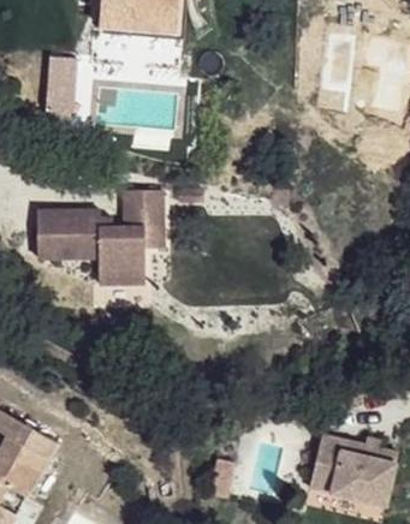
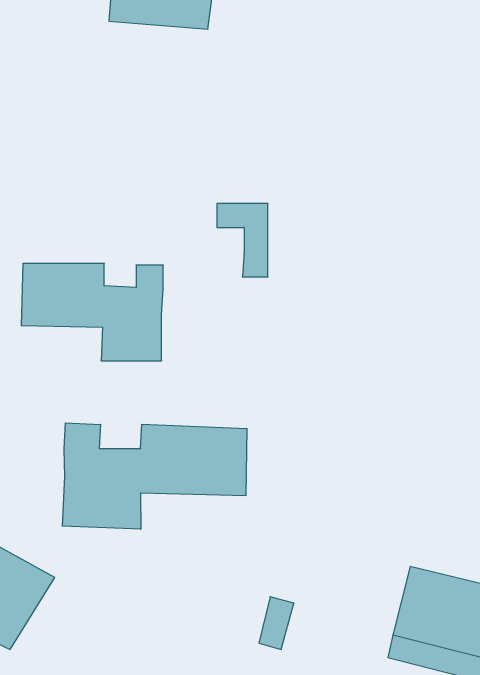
building: [41,56,73,126] -> none
building: [118,187,156,243] -> [217,204,268,277]
building: none -> [62,423,247,529]

